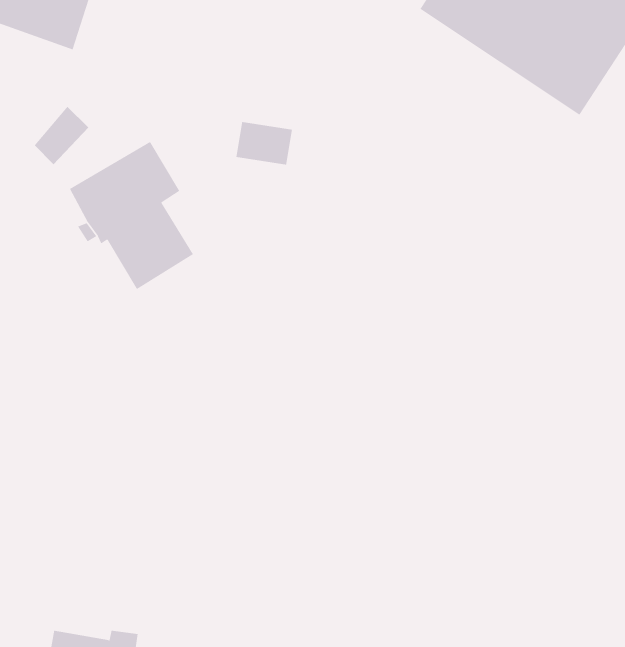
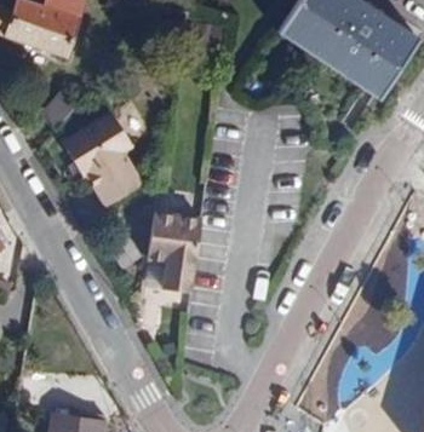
building: none -> [147,211,204,292]

